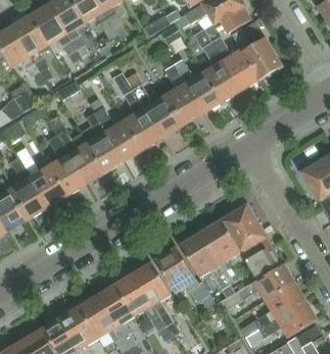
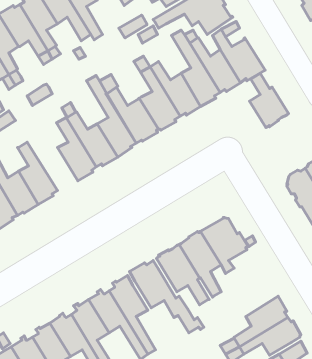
building: none -> [250,73,288,127]
building: [51,118,105,182] -> none
building: [219,238,295,311] -> none

